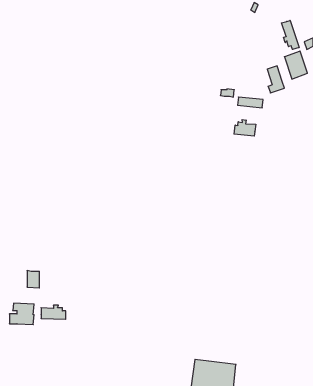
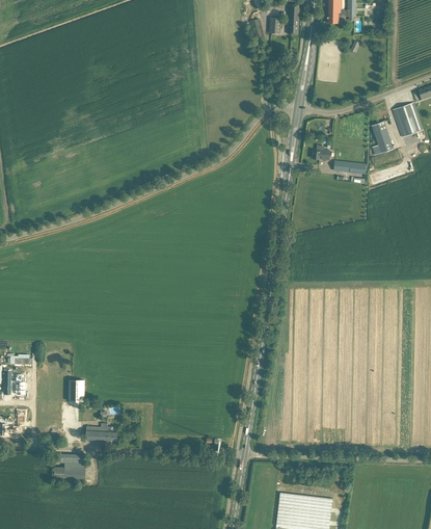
building: [281,20,299,49] -> none
building: [234,120,256,136] -> none
building: [9,303,34,325] -> [54,453,85,480]

